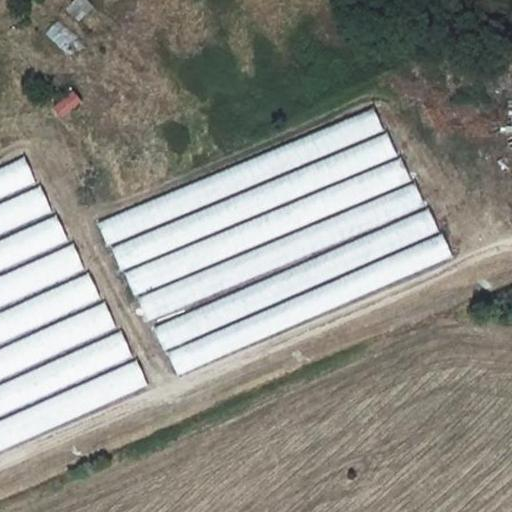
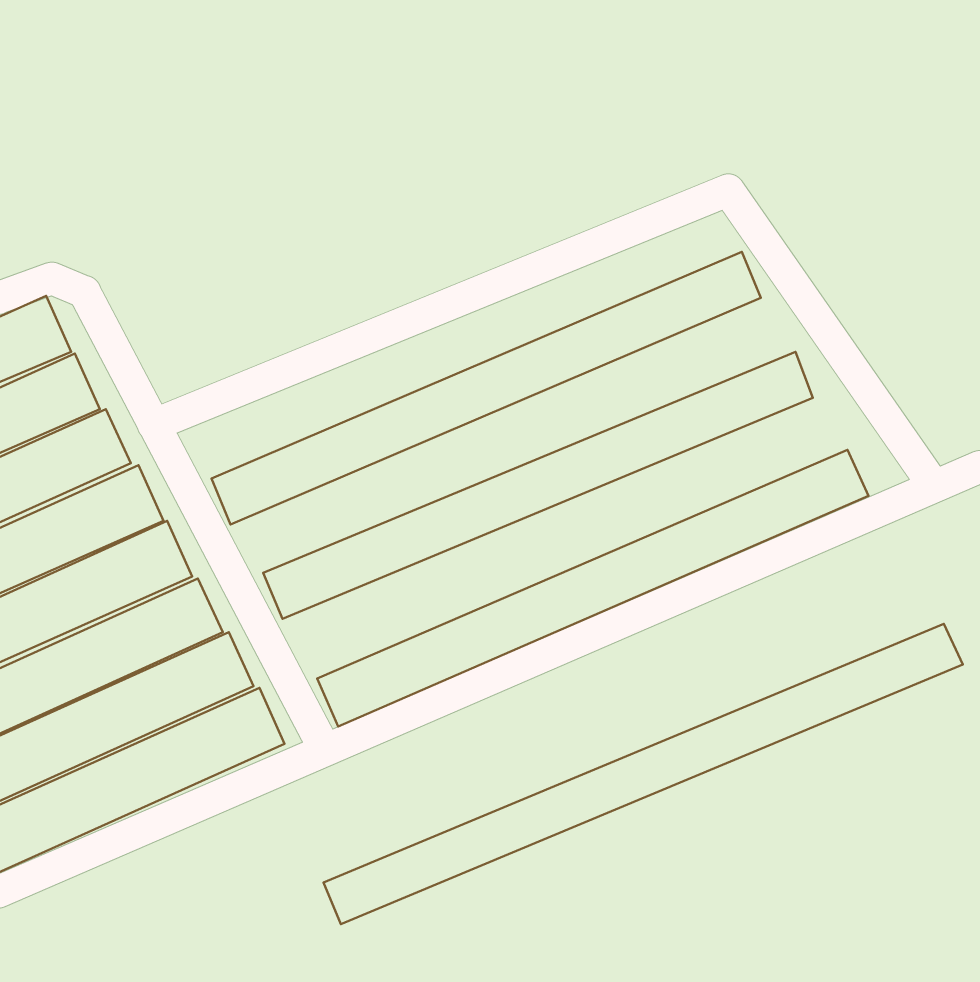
building: [96,106,382,248] -> none
building: [124,158,410,297] -> none
building: [152,207,439,353] -> none
building: none -> [323,624,963,924]

